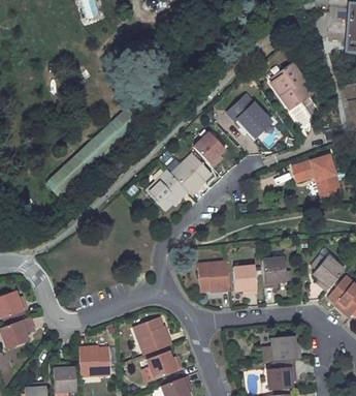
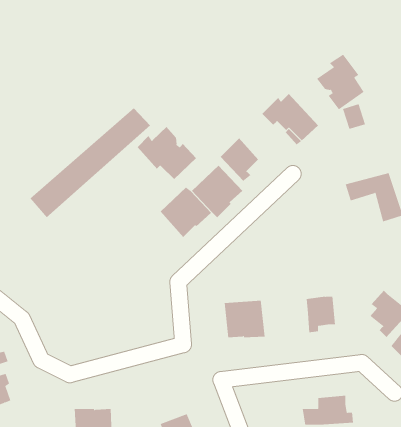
building: none -> [137,126,197,180]
building: [233,265,257,294] -> none
building: [133,317,171,355] -> none

